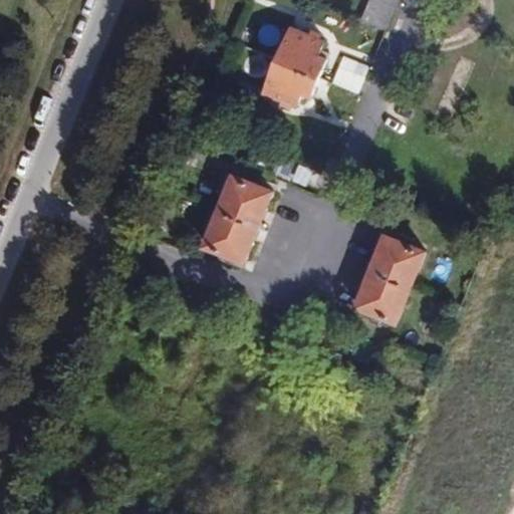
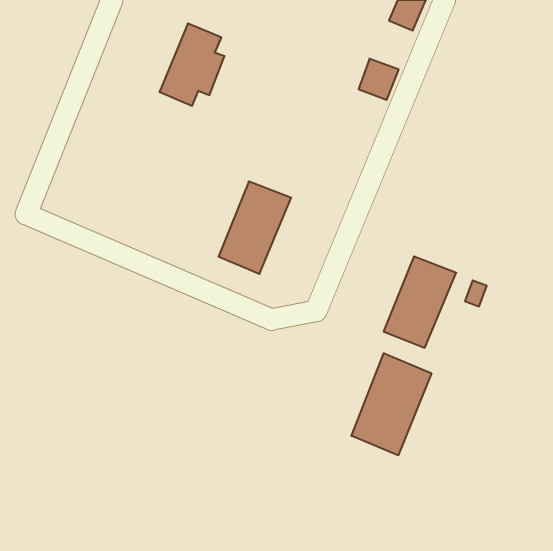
building: [262,26,322,102] -> [159,23,225,106]
building: none -> [351,353,431,455]

